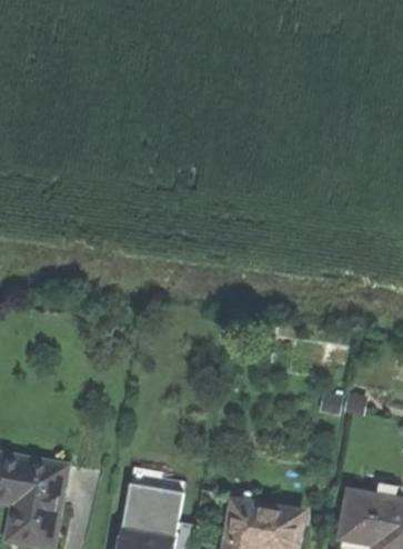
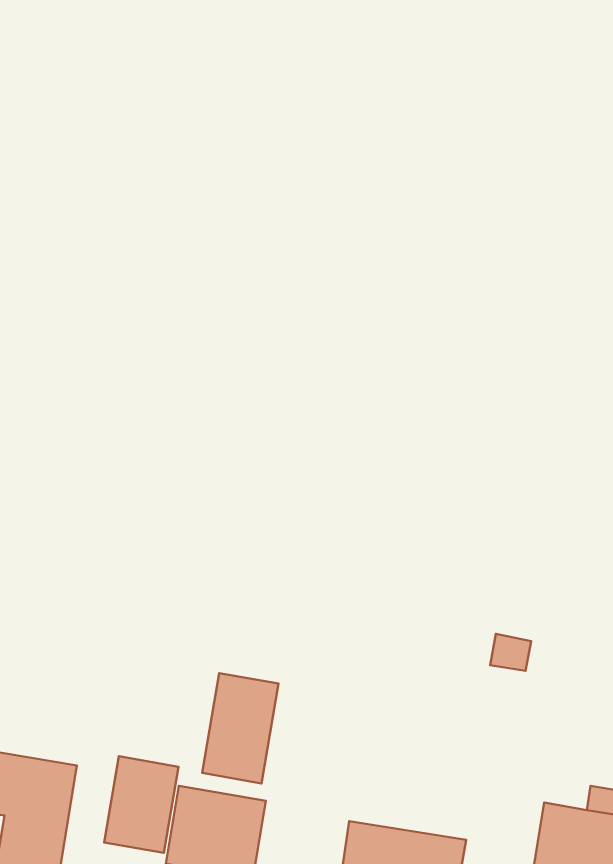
building: none -> [202,673,279,783]
building: none -> [104,756,178,853]

